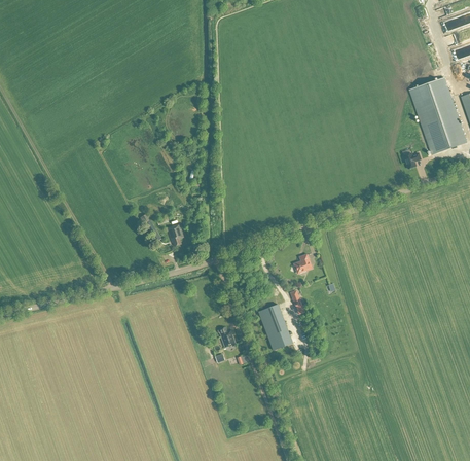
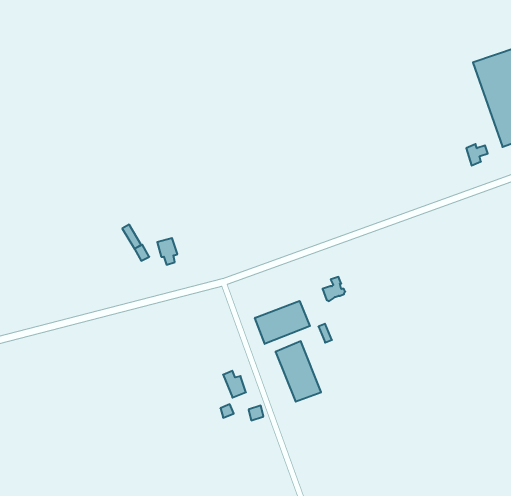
building: none -> [255,301,310,344]

